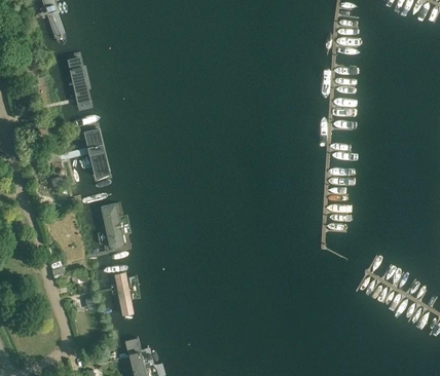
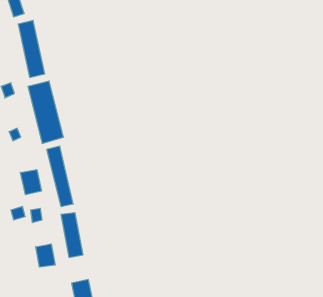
building: none -> [20,170,42,195]
building: none -> [36,244,55,267]

